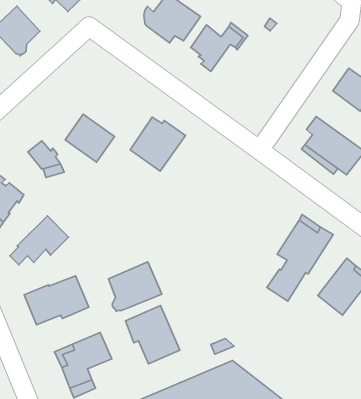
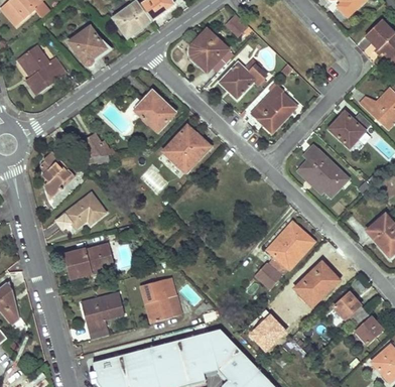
building: none -> [252,86,295,128]
building: [65,114,115,162] -> [135,92,174,131]
building: [109,262,162,311] -> none
building: none -> [247,308,286,351]

